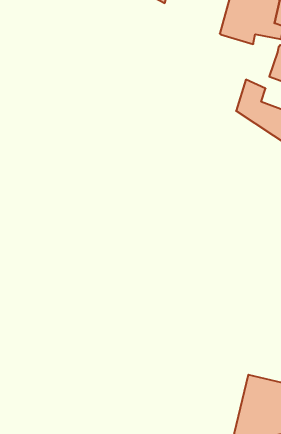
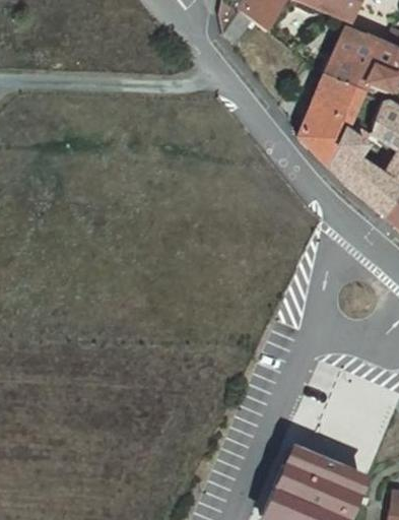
building: none -> [298,76,359,161]

